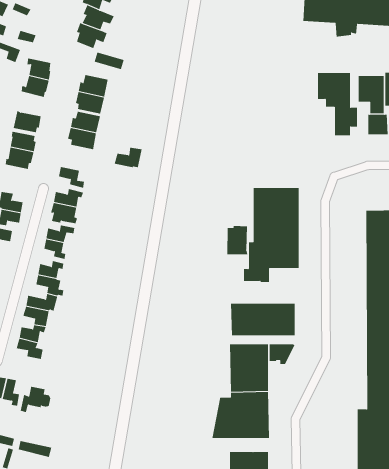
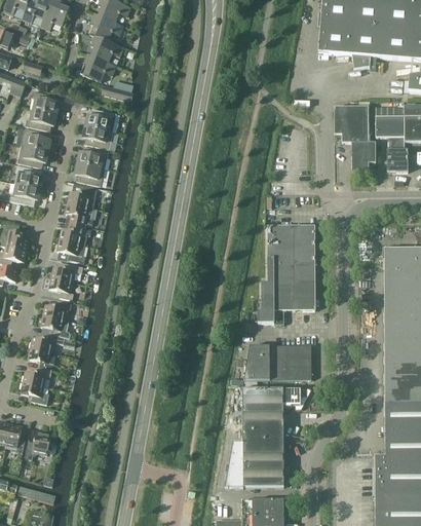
building: none -> [22,127,50,151]
building: [114,147,142,168] -> [67,186,97,208]
building: [227,225,248,255] -> none

